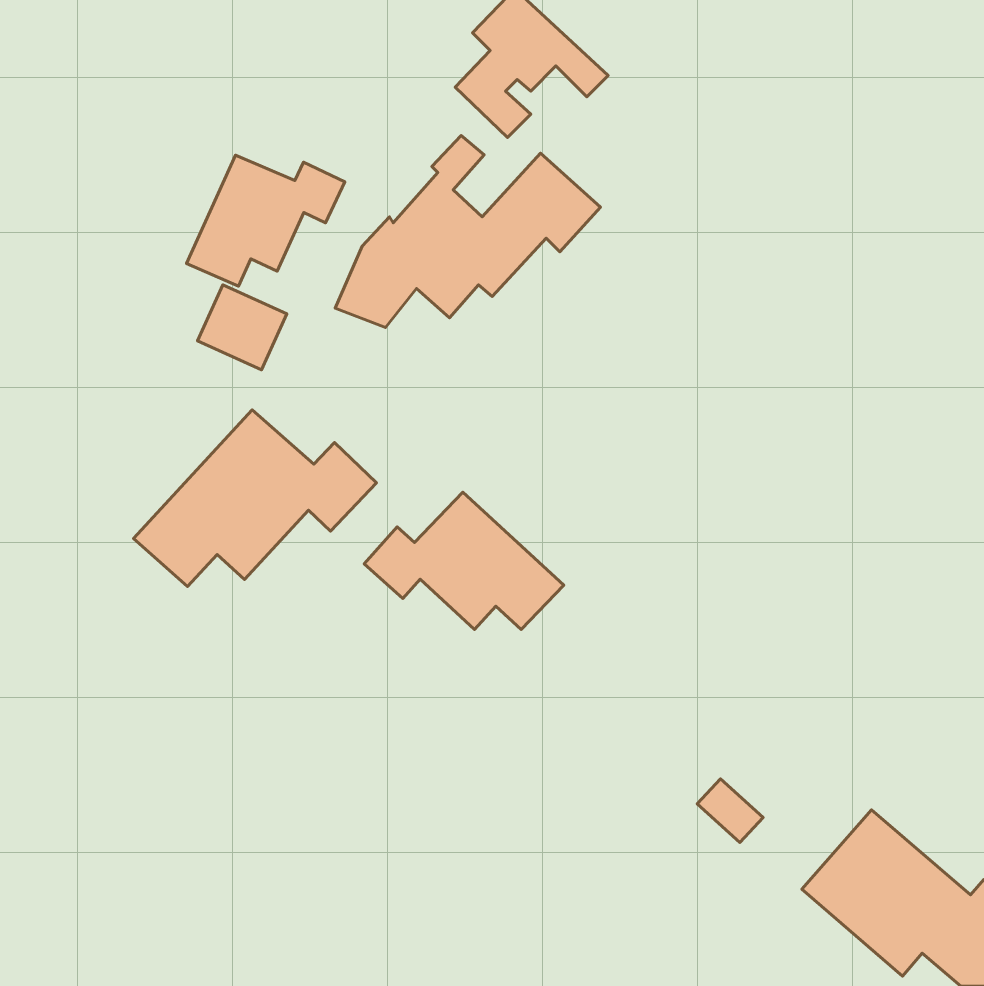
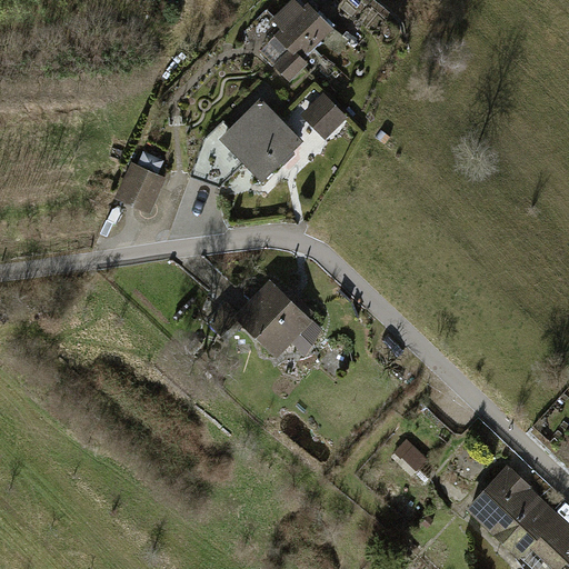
building: [186,155,345,286] -> none
building: [133,410,376,587] -> none

